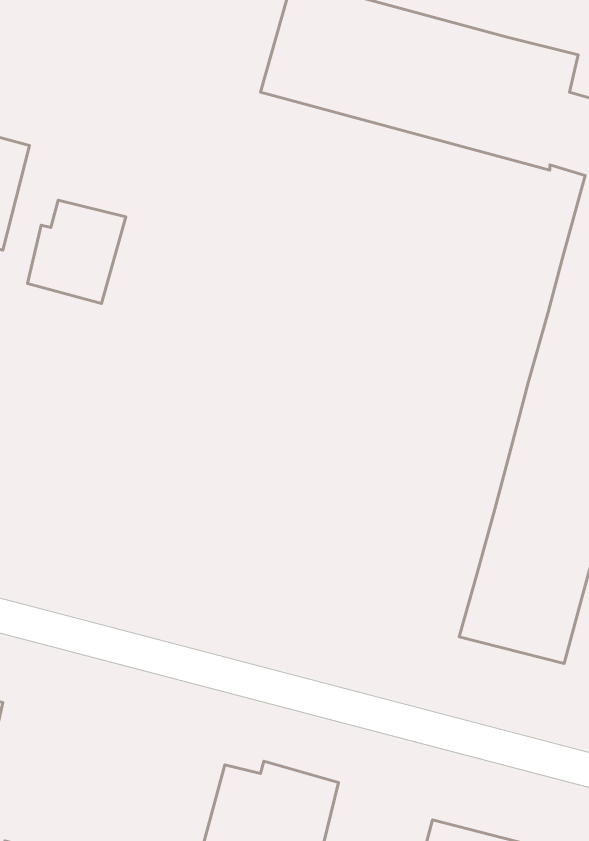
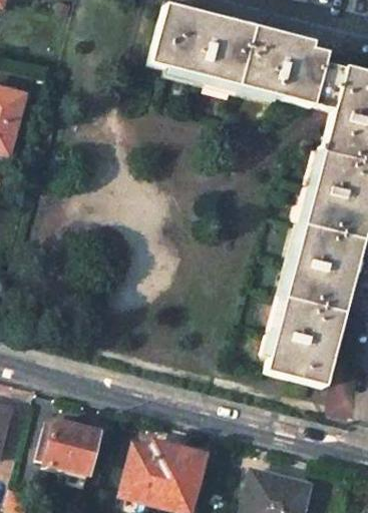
building: [28,200,126,303] -> none
building: none -> [42,423,95,474]

